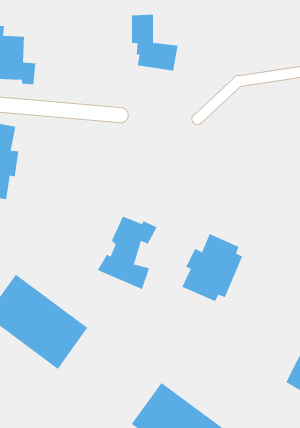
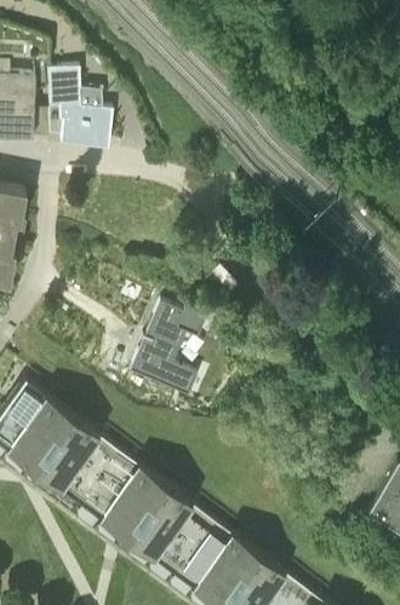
building: [131,14,179,71] -> [52,71,113,144]
building: [182,233,243,302] -> none
building: none -> [78,449,210,571]

